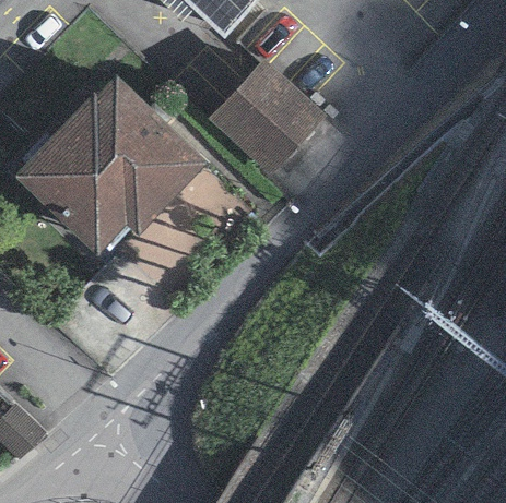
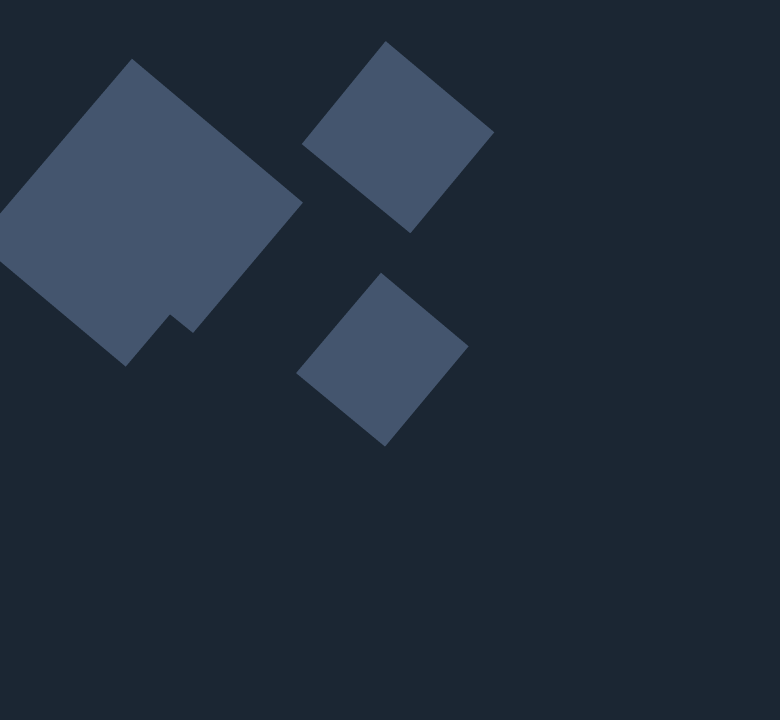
building: none -> [295,271,470,448]

